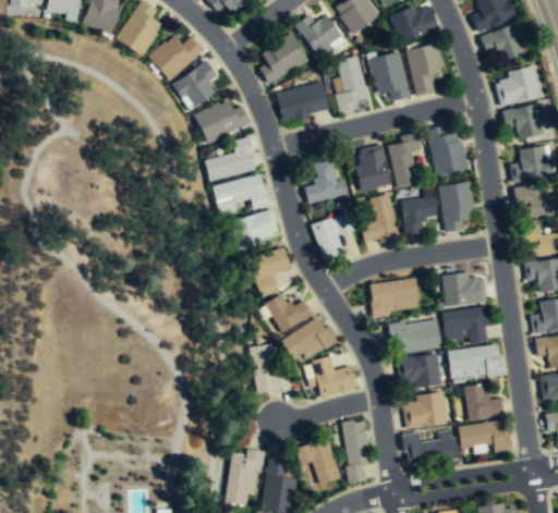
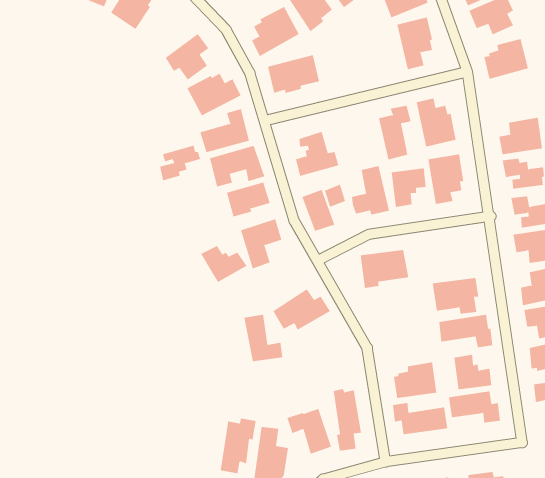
building: [147,35,204,82] -> none
building: [372,51,409,101] -> none
building: [335,57,367,112] -> none
building: [501,102,545,139] -> none
building: [354,144,390,193] -> none
building: none -> [159,145,201,181]
building: [441,272,486,307] -> none
building: [264,295,312,333] -> [200,245,248,283]
building: [387,319,441,355] -> none
building: [396,354,441,389] -> none
building: [311,356,355,396] -> none

